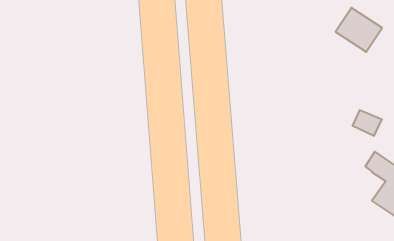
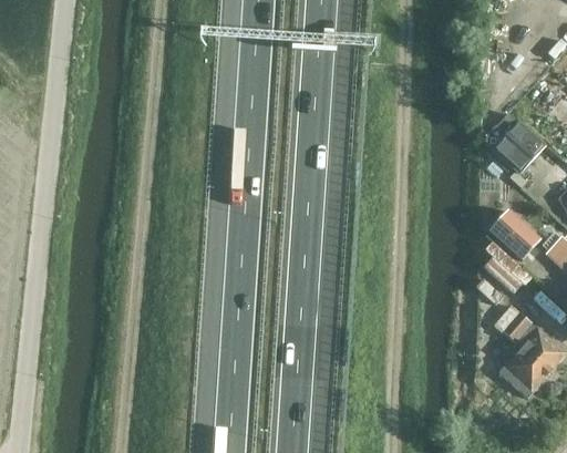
building: none -> [488,206,539,256]

